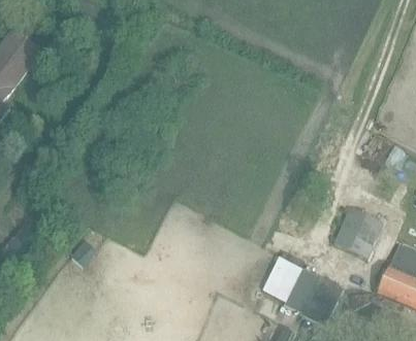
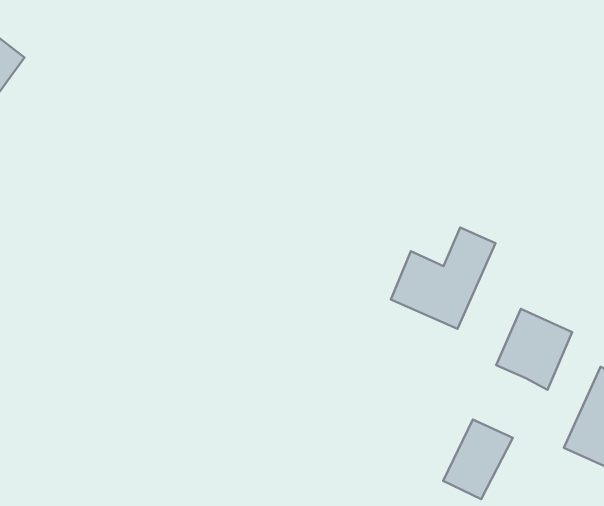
building: none -> [391,227,495,329]
building: [273,261,315,310] -> none

